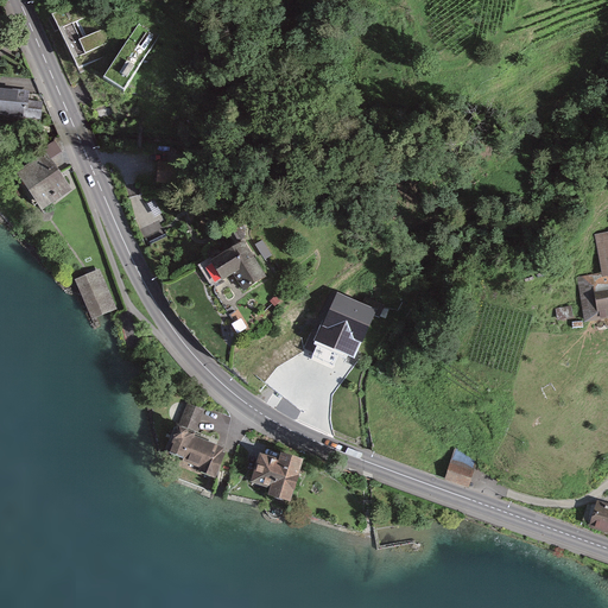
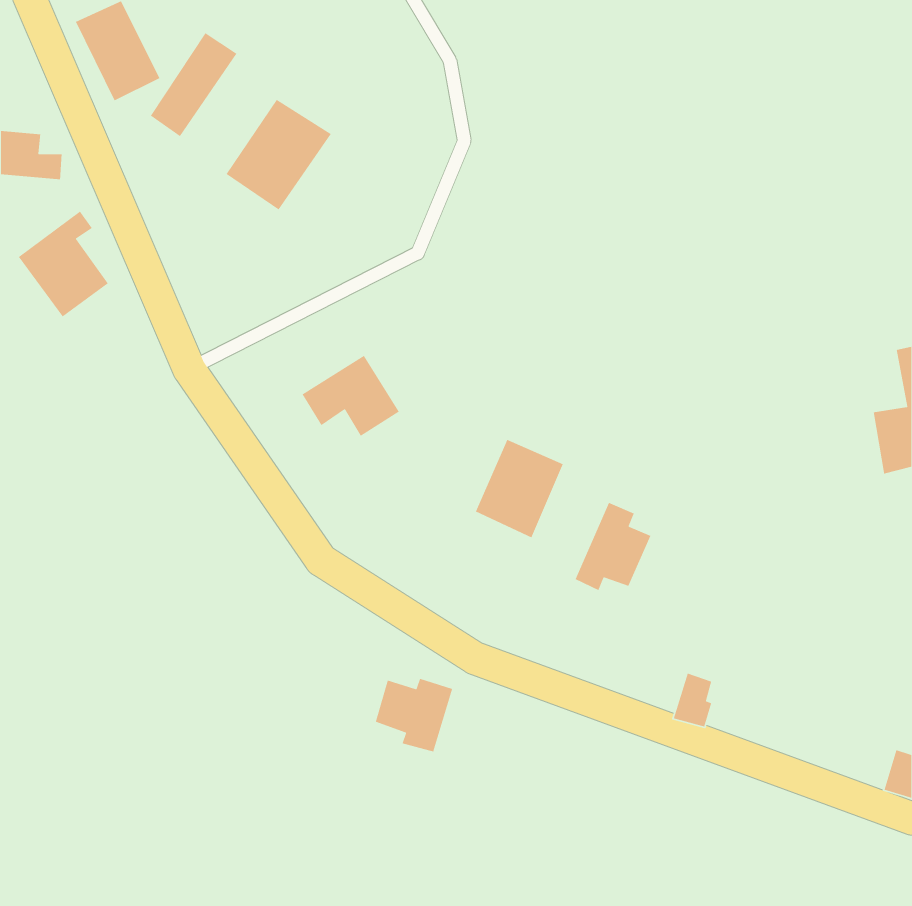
building: none -> [225,99,332,211]
building: [75,267,118,318] -> none
building: none -> [574,502,652,591]
building: [166,403,228,479] -> none

